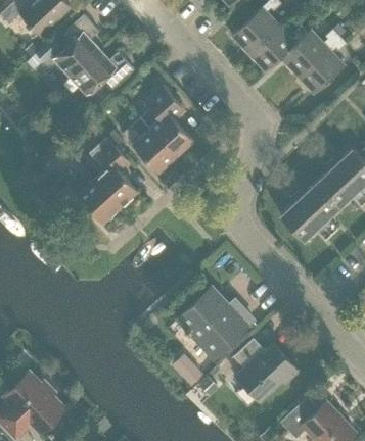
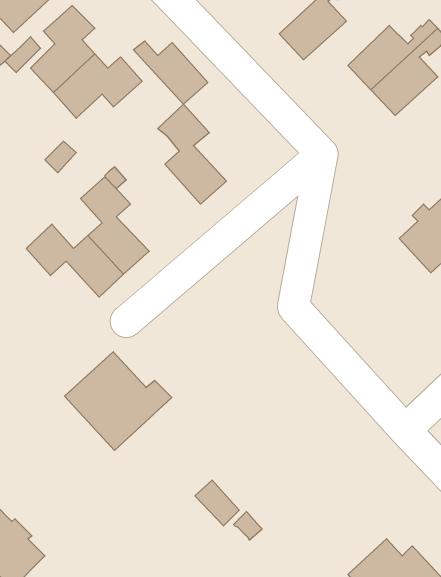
building: [249,27,309,74] -> none
building: [123,129,176,174] -> [133,41,208,104]
building: [281,183,340,241] -> none
building: [178,289,255,359] -> [65,352,172,450]
building: [234,340,299,403] -> none

